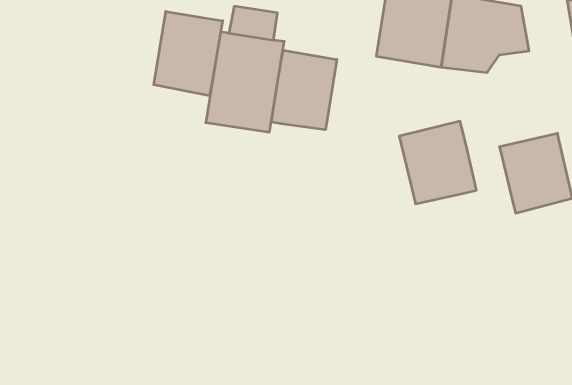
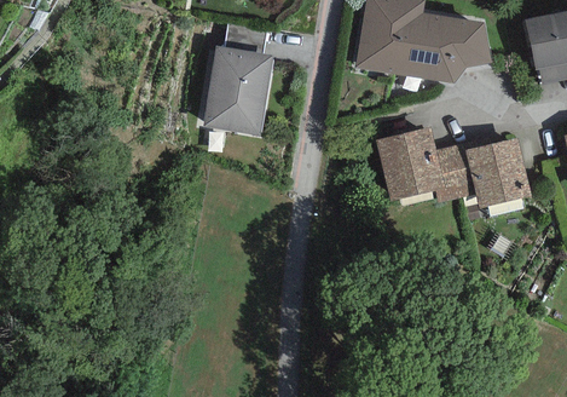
building: [154,11,223,96] -> none
building: [272,50,337,130] -> none
building: none -> [434,143,475,202]

